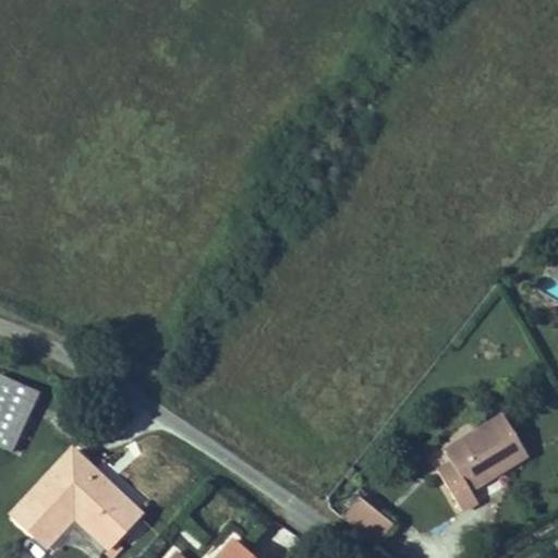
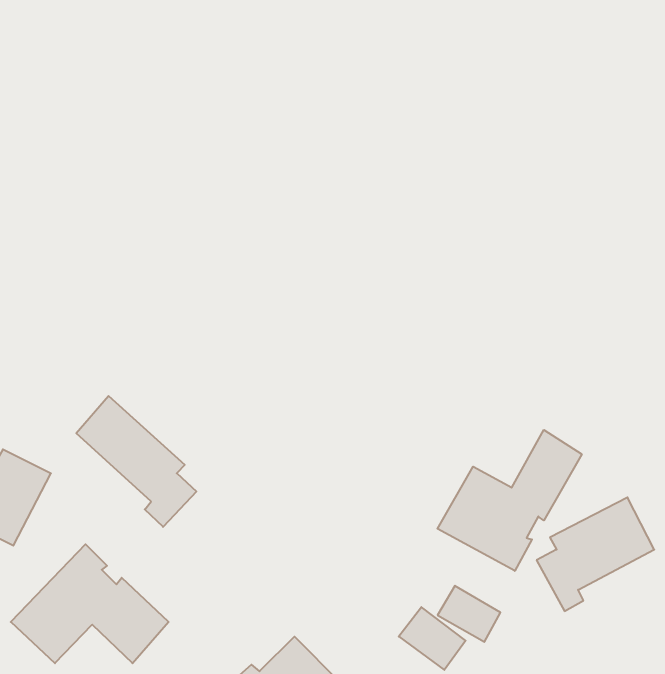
building: none -> [76,396,196,527]
building: none -> [437,430,582,571]

